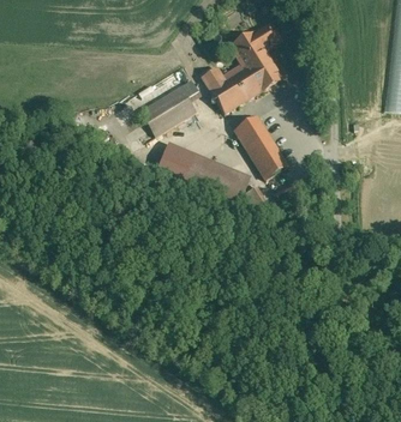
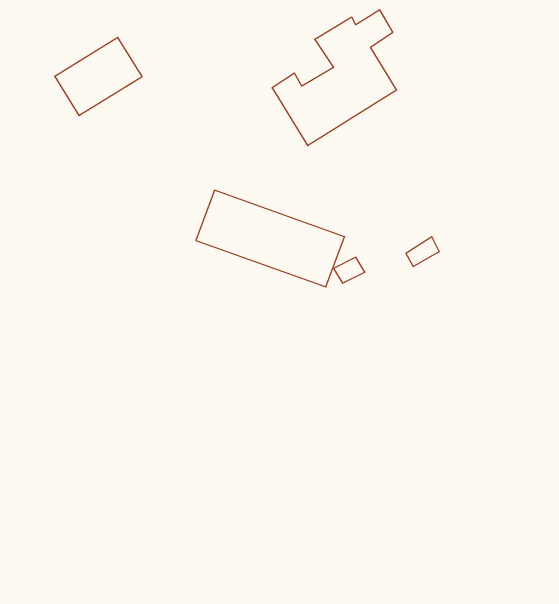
building: [139,85,196,135] -> [55,37,142,116]
building: [234,115,288,179] -> none

